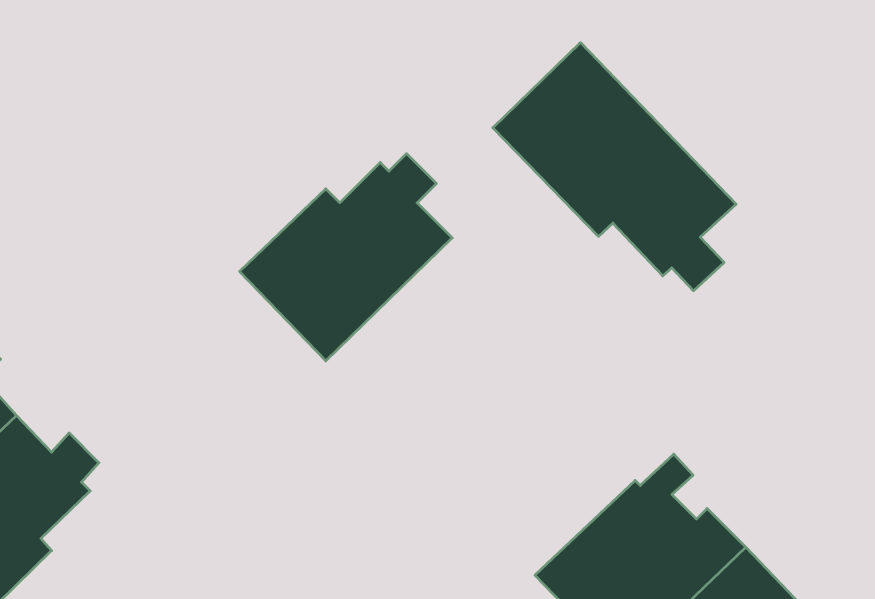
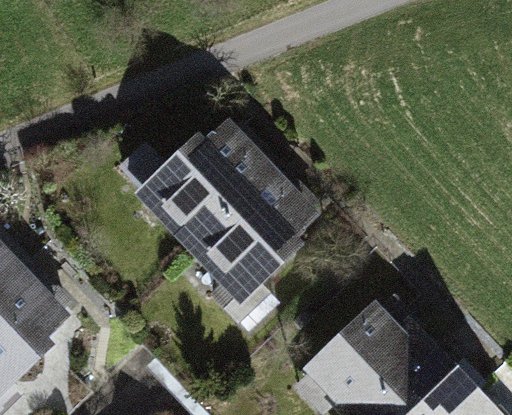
building: [493,43,736,291] -> none
building: none -> [195,174,315,330]

